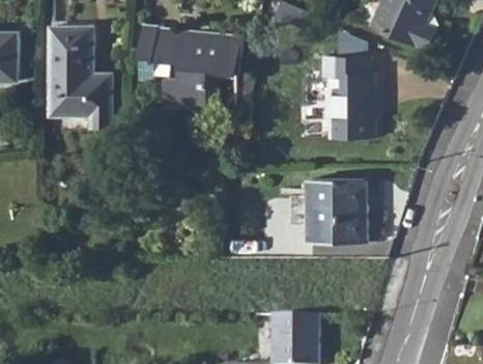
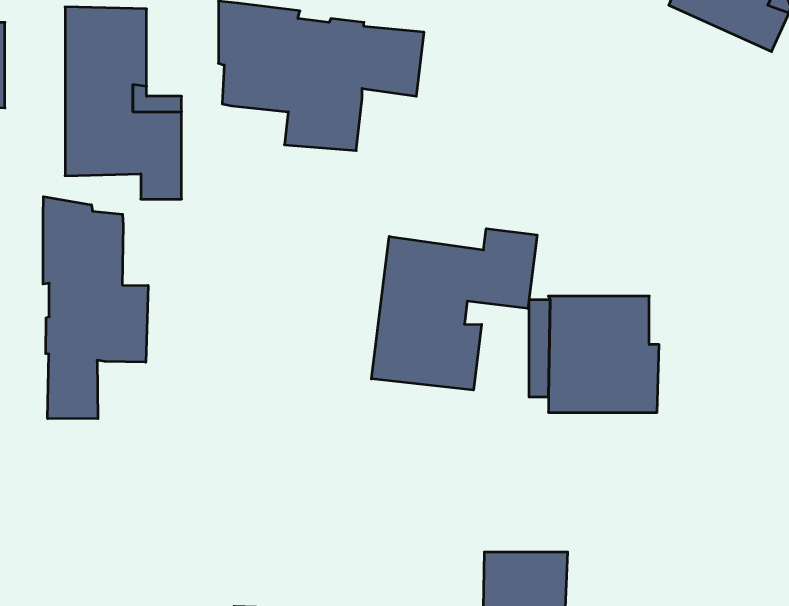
building: [322,56,372,136] -> none
building: none -> [43,197,148,419]
building: none -> [371,229,537,390]

